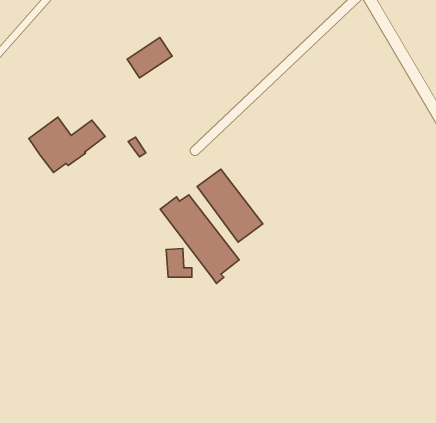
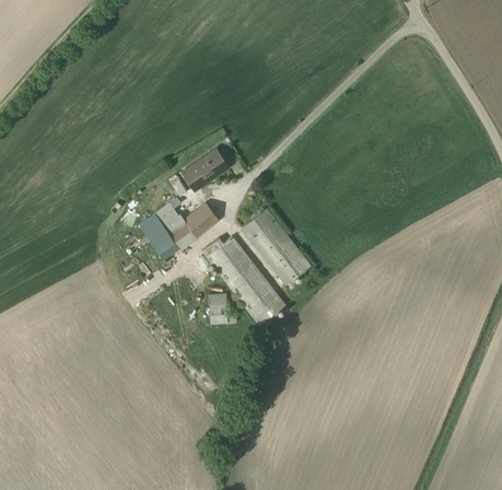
building: [127,38,172,78] -> [182,148,230,190]
building: [29,117,105,173] -> [139,199,220,258]

